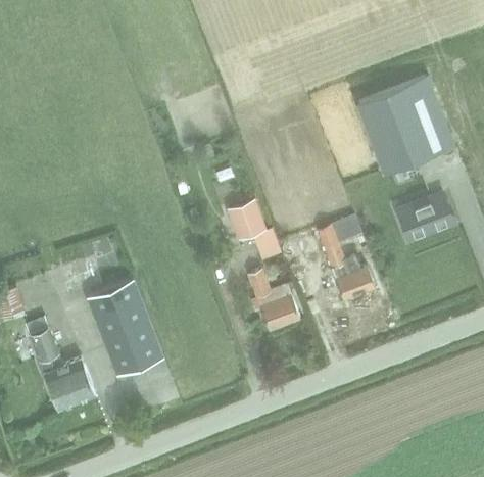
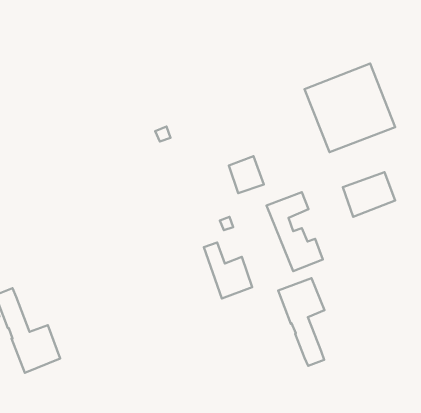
building: [227,201,264,241] -> [229,156,264,193]
building: [87,280,163,376] -> none
building: none -> [278,278,325,366]

